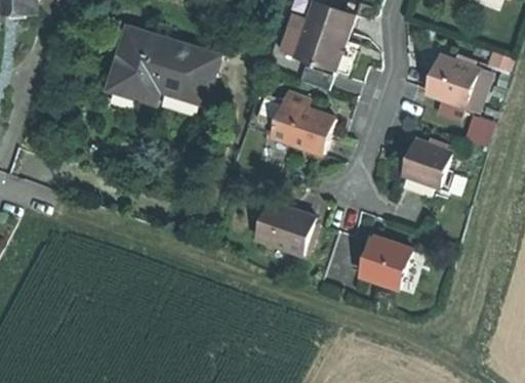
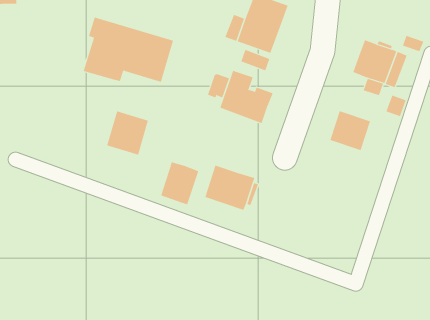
building: none -> [106,111,149,155]
building: none -> [160,161,199,205]
building: [358,236,410,288] -> none

